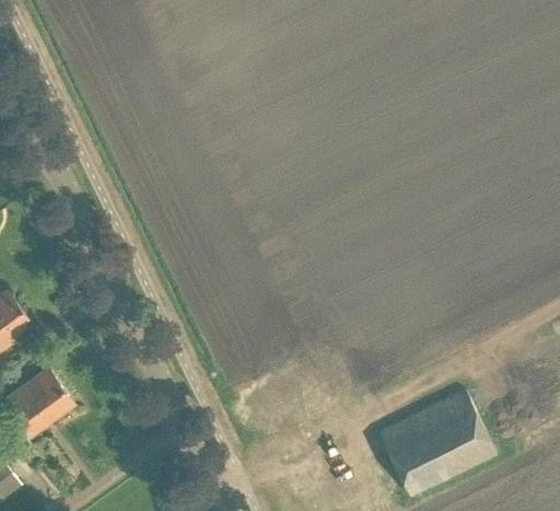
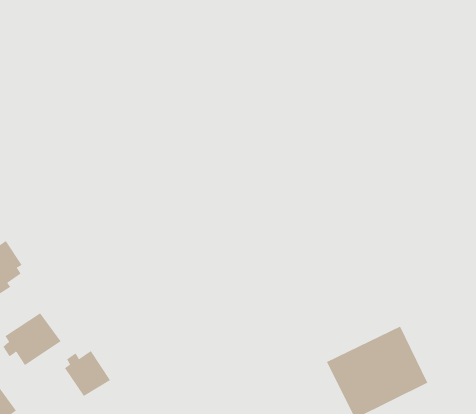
building: none -> [64,350,111,397]

